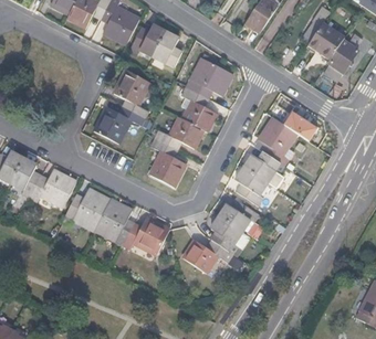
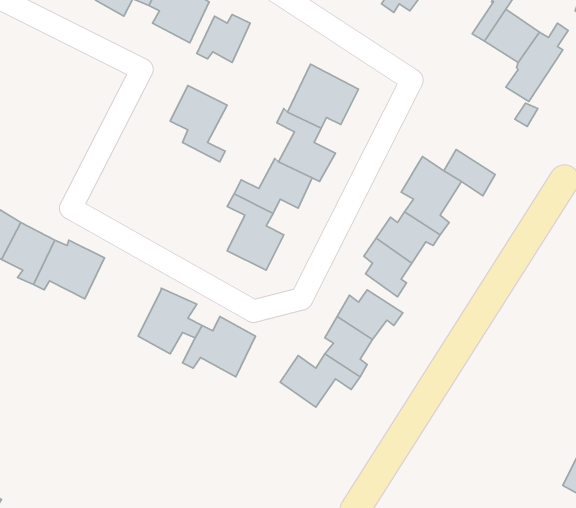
building: [153,32,182,72] -> none
building: [95,106,145,141] -> none
building: [64,187,108,229] -> none

